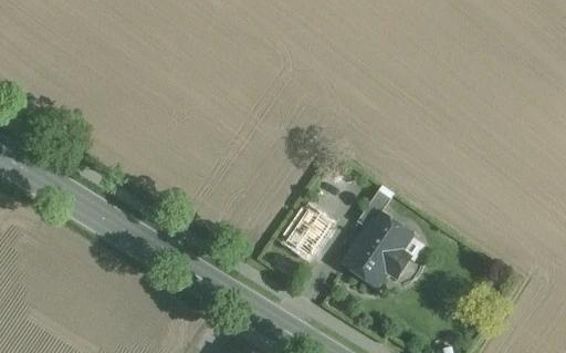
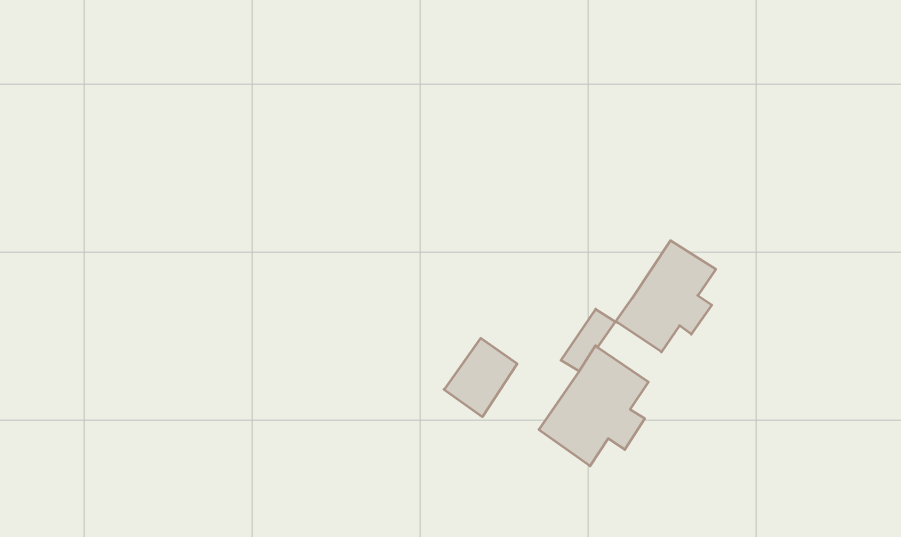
building: none -> [616,241,716,352]

